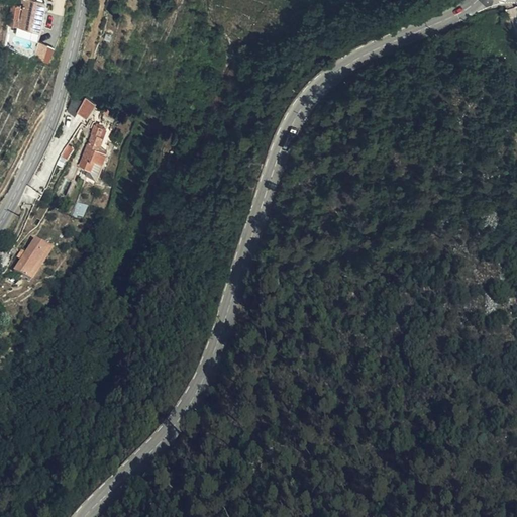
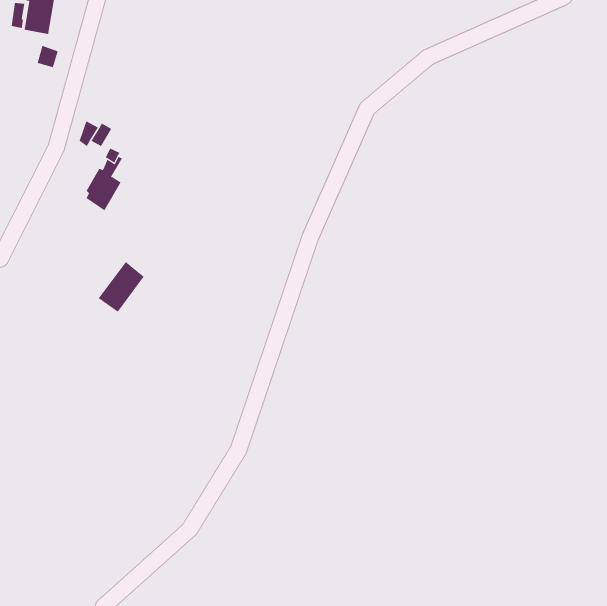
building: [15,232,55,276] -> [98,261,144,312]

